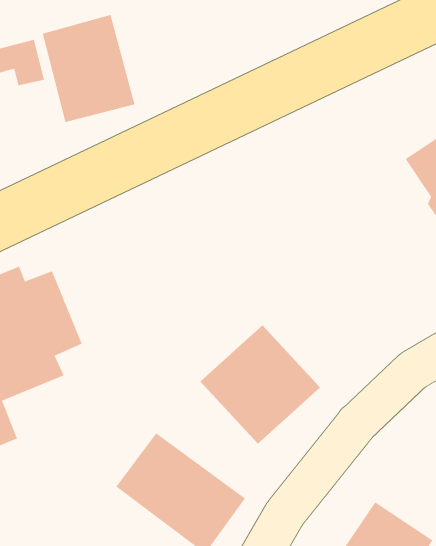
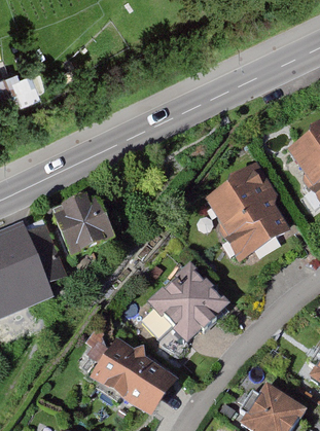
building: [42,14,135,123] -> none
building: none -> [204,159,290,261]
building: none -> [54,195,114,257]

